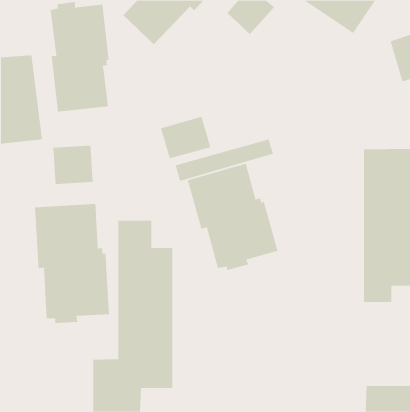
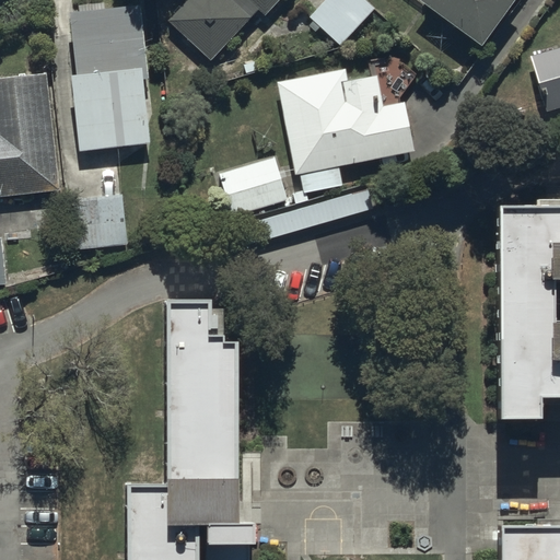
building: none -> [278,69,416,194]
building: [187,163,278,271] -> none
building: [34,203,109,324] -> none

